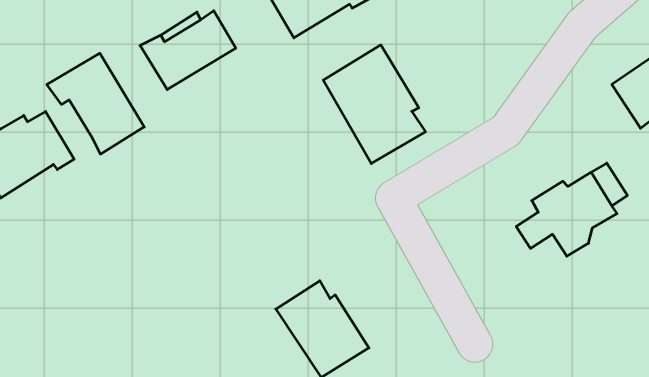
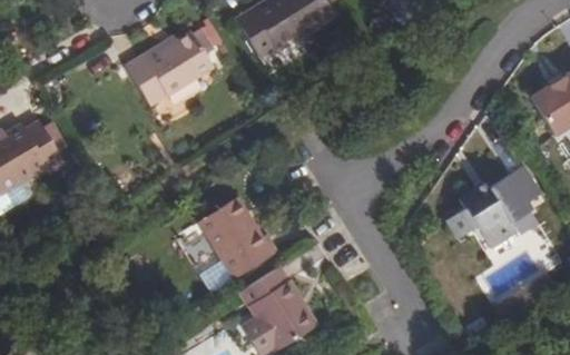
building: [323,45,425,164] -> none
building: [47,53,144,154] -> none
building: none -> [199,198,276,278]

